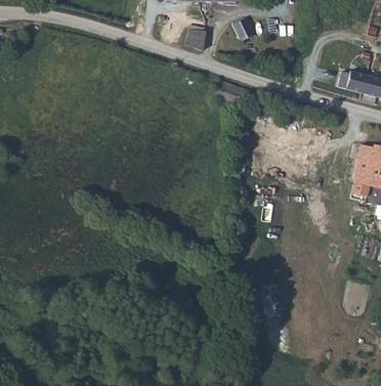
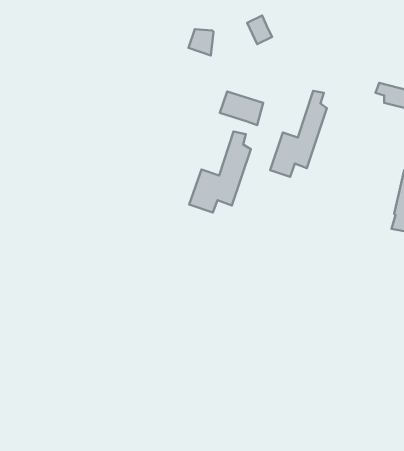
building: none -> [270,91,327,177]
building: none -> [189,132,251,213]

